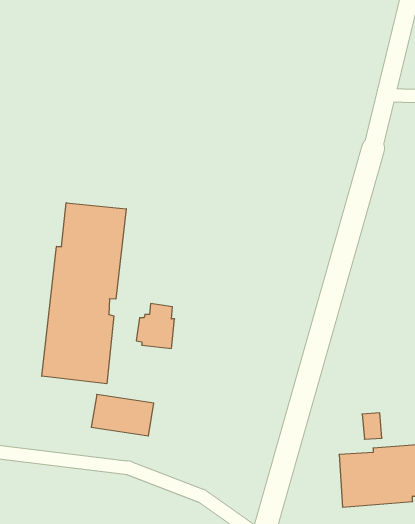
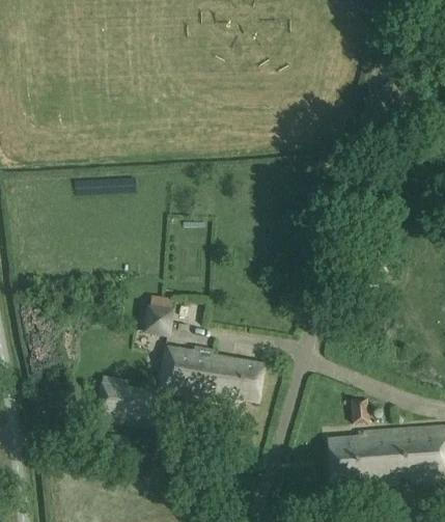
building: [42,203,126,384] -> none
building: none -> [159,345,265,402]

